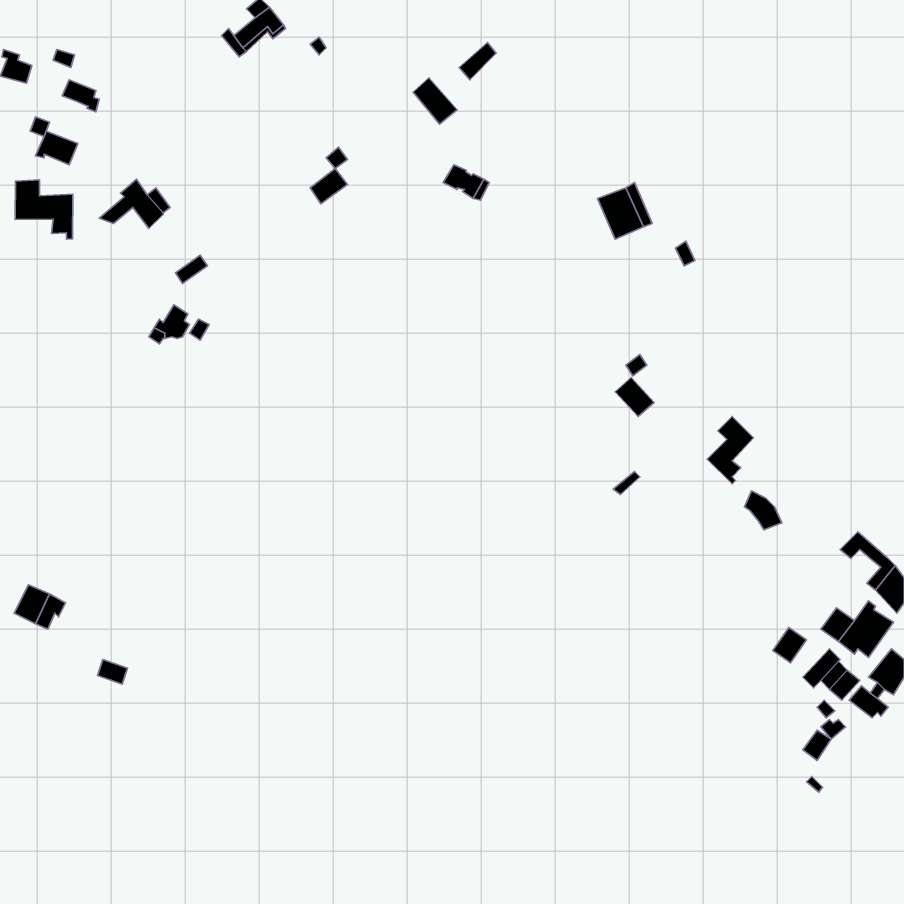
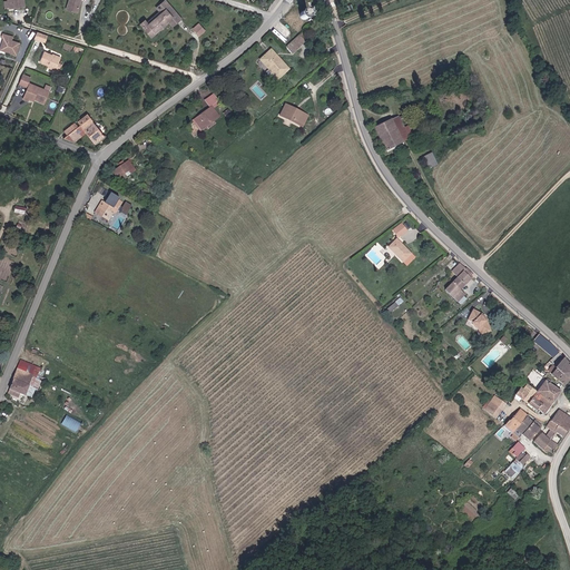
building: [15,180,73,239] -> none

